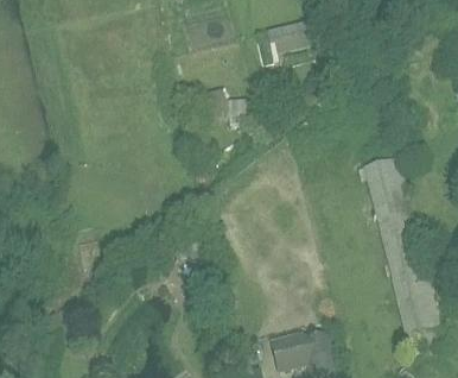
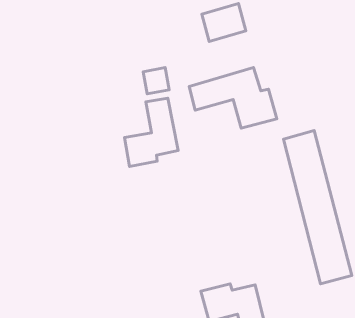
building: none -> [189,68,277,128]
building: none -> [125,98,178,167]

